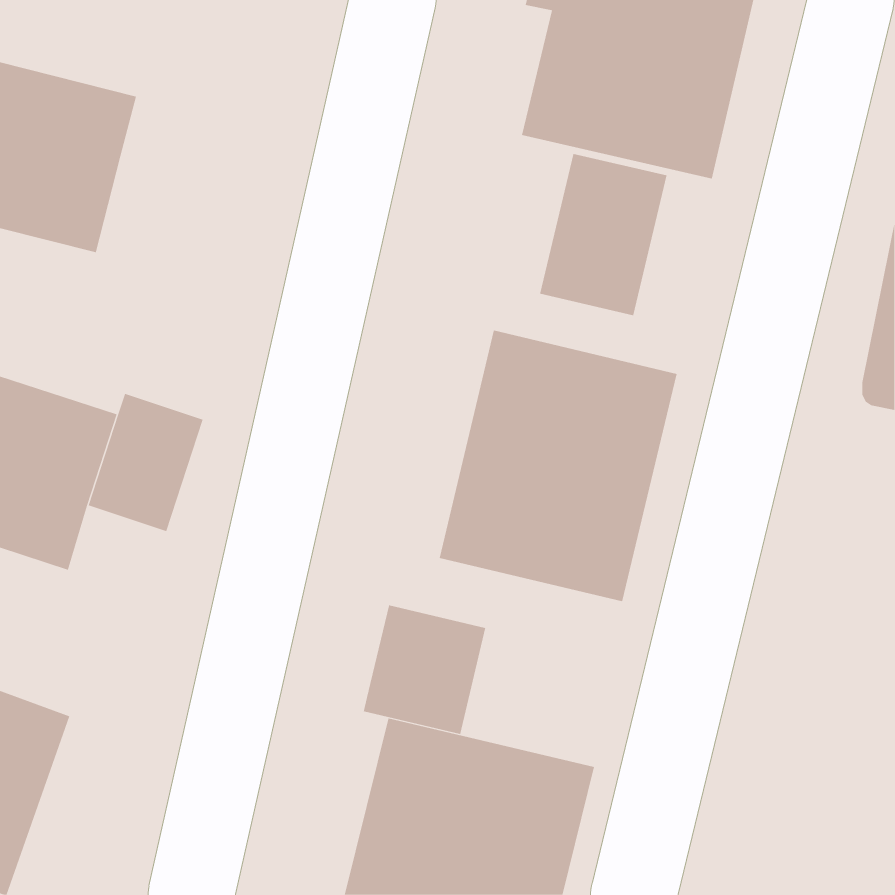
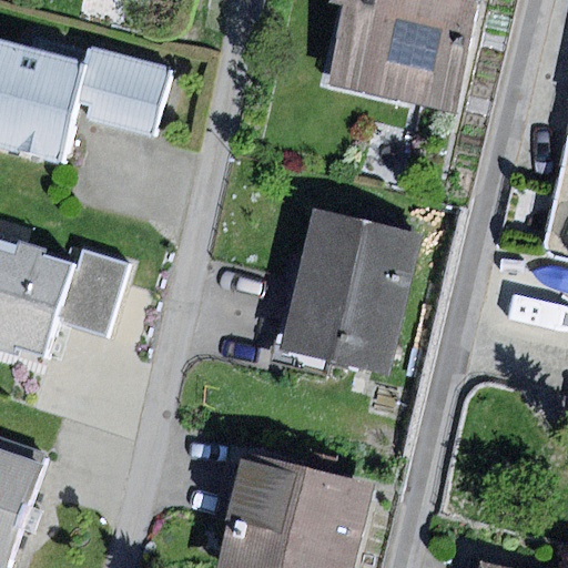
building: none -> [77,48,169,136]
building: [540,153,667,316] -> none
building: [363,605,486,735] -> none

